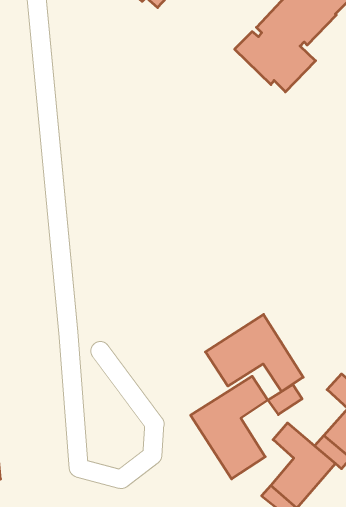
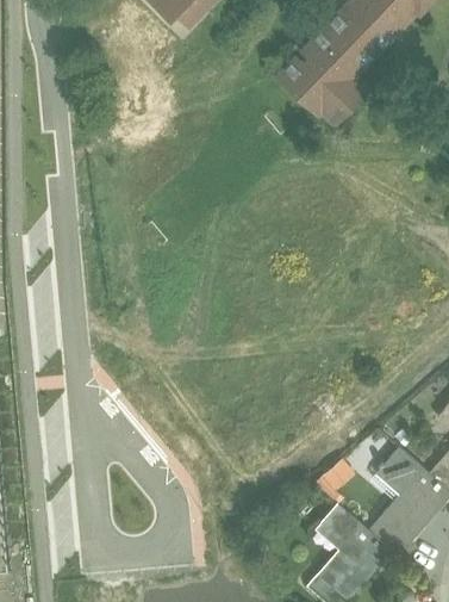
building: [205,314,303,391] -> none
building: [191,376,268,479] -> none

